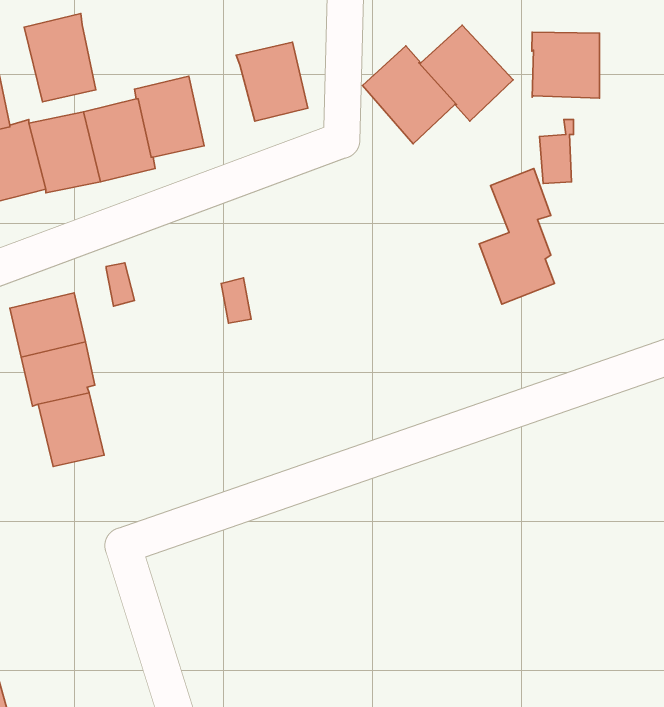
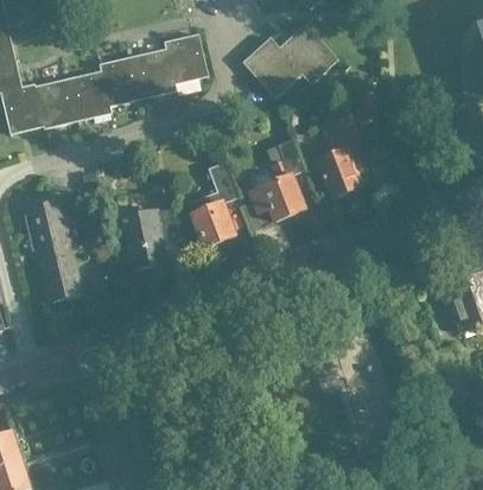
building: [24,13,96,102] -> none
building: [532,32,600,98] -> none
building: none -> [134,47,178,98]
building: none -> [250,139,306,219]
building: none -> [190,163,240,247]
building: none -> [122,209,166,268]

